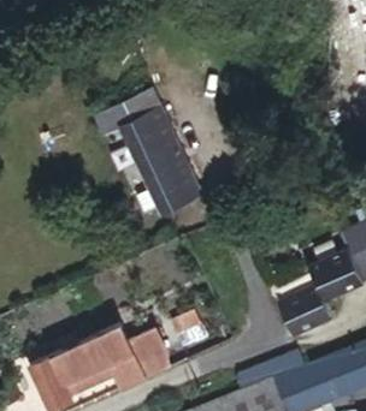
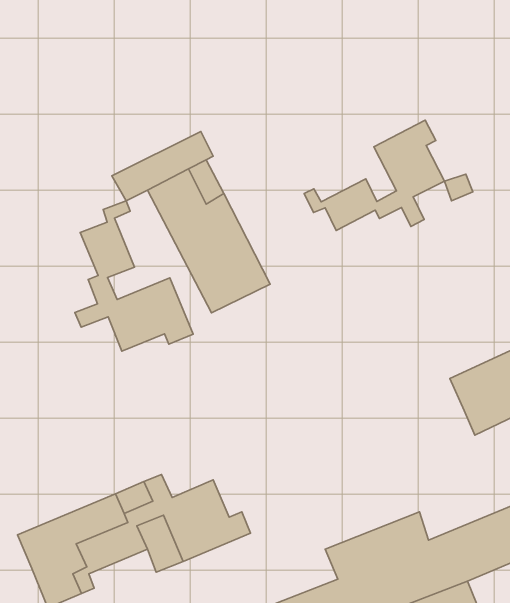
building: none -> [304,120,444,230]
building: none -> [75,201,193,351]
building: [283,279,346,332] -> none

